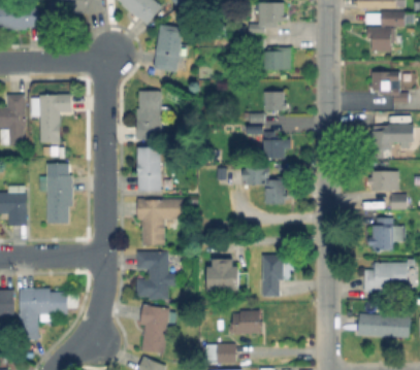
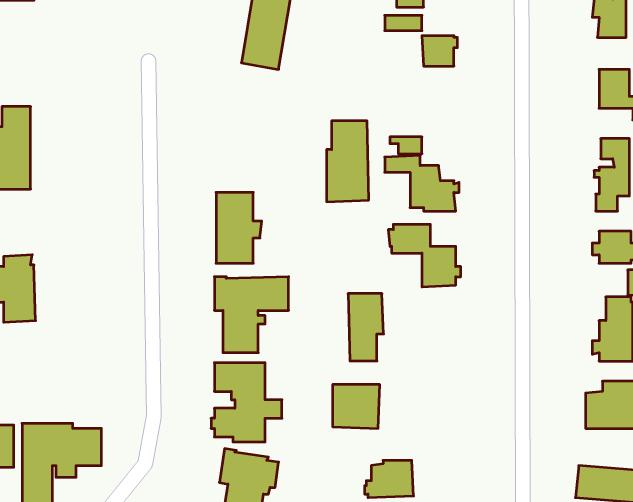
building: [136,91,162,140] -> [327,121,369,202]
building: [264,92,287,112] -> none
building: [31,95,72,142] -> none
building: [40,166,73,224] -> none
building: [262,256,284,297] -> [348,294,384,361]

